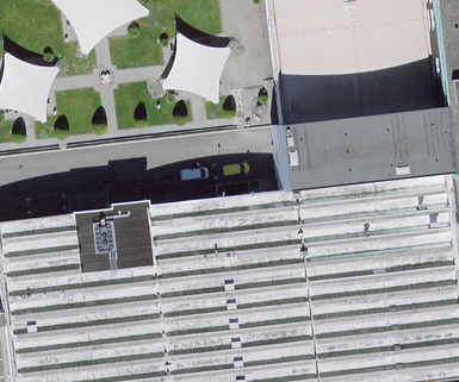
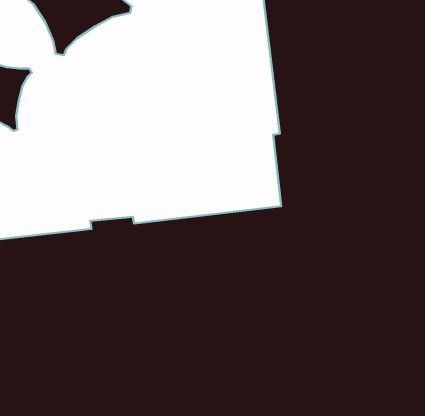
building: [162,31,232,102] -> none

